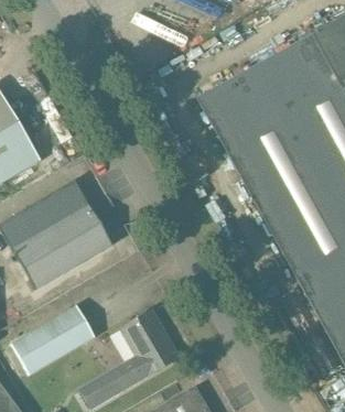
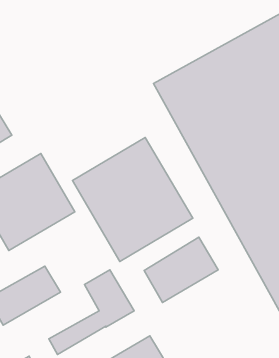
building: none -> [72,137,193,261]
building: none -> [144,237,218,302]

